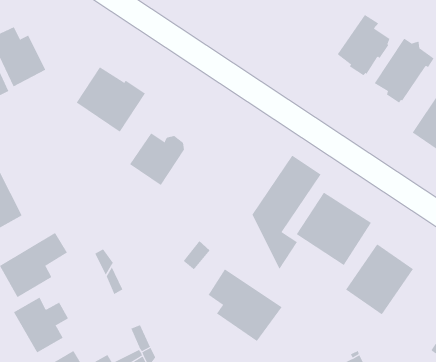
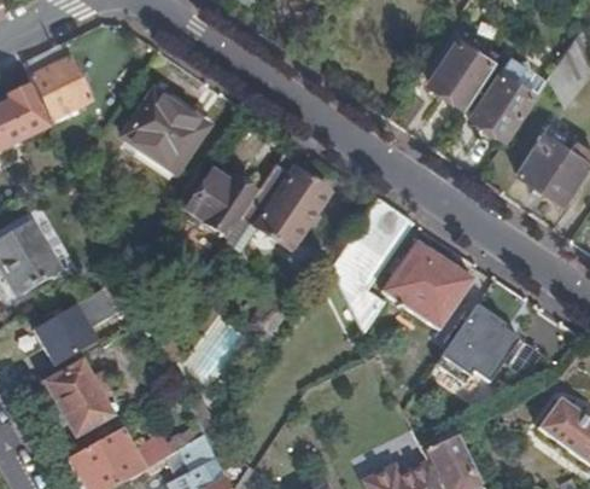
building: none -> [241,165,328,250]
building: [208,269,283,342] -> none

